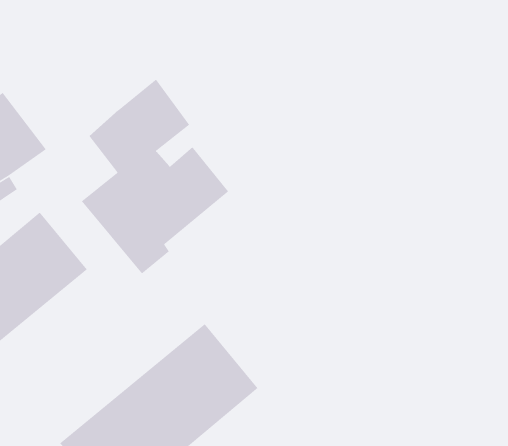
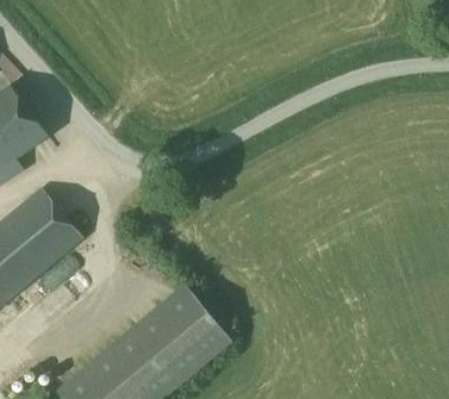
building: [81,78,229,275] -> none

